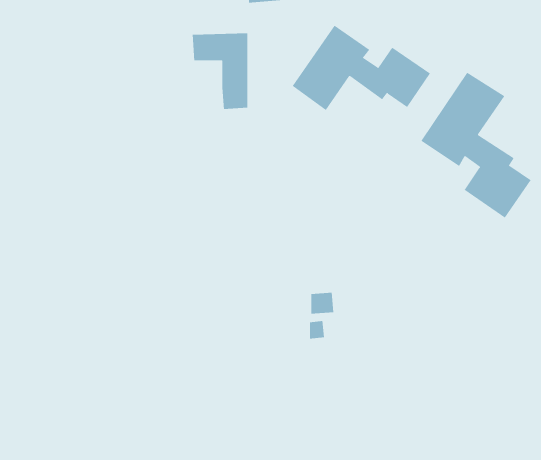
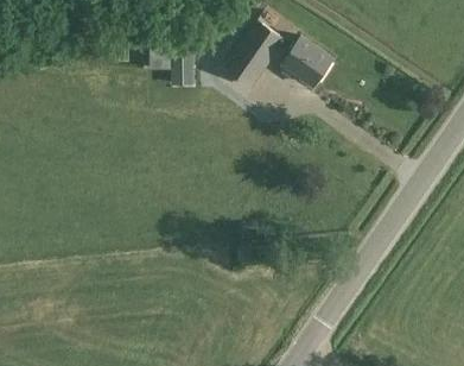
building: [421,72,531,218] -> none

